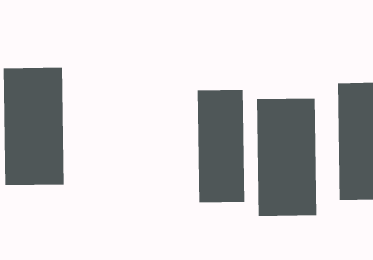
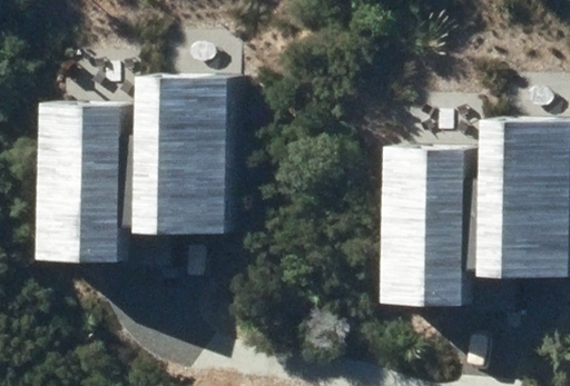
building: none -> [155,77,236,236]
building: [197,89,245,203] -> none

